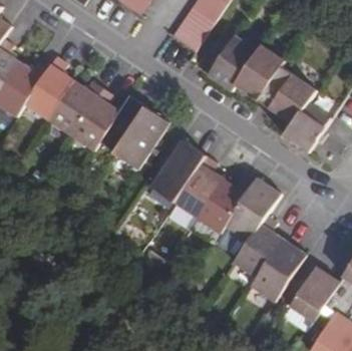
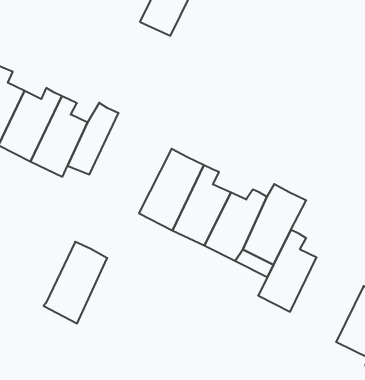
building: [207,35,330,152] -> none
building: [113,106,167,169] -> [44,242,107,323]
building: [250,239,306,302] -> none

